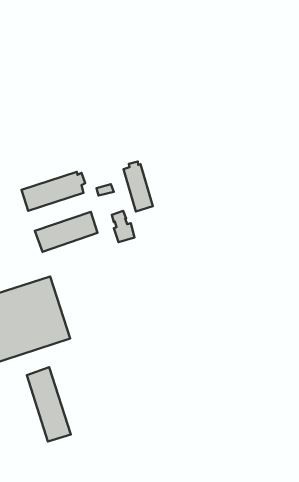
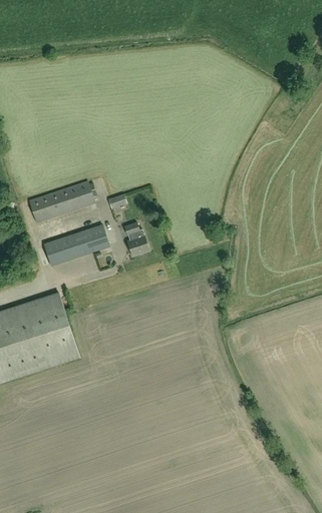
building: [123,162,153,211] -> none
building: [27,367,71,441] -> none

